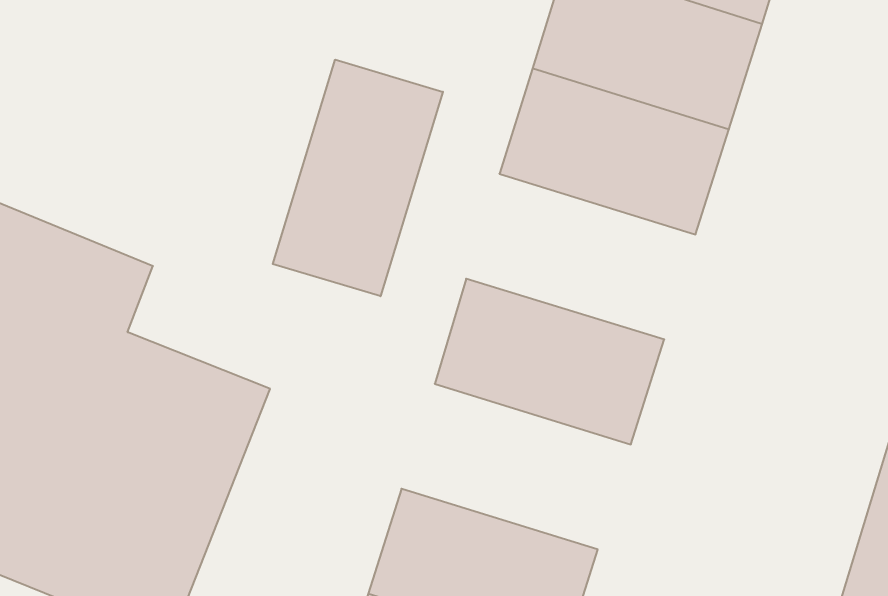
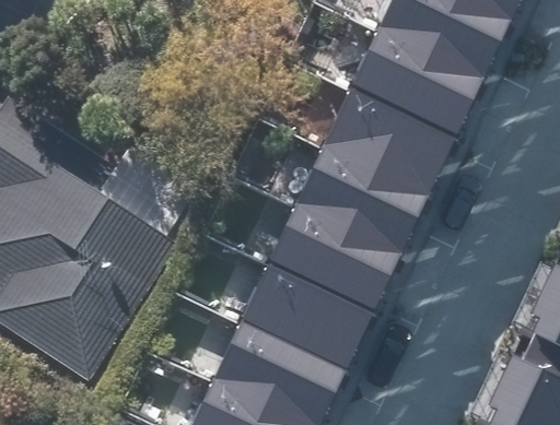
building: [273,60,443,296] -> none
building: none -> [294,141,430,249]
building: none -> [241,257,376,365]

